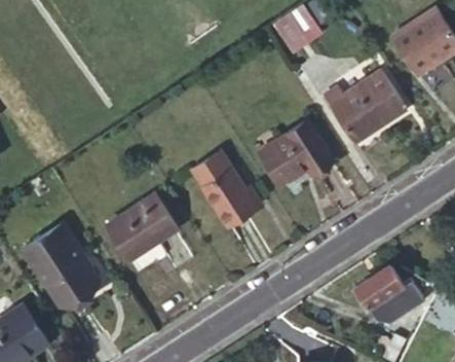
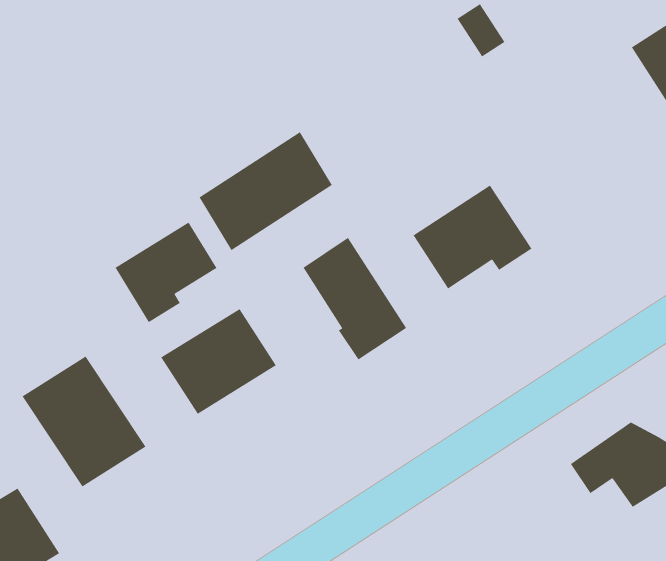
building: [325,71,407,144] -> none
building: none -> [199,131,333,251]
building: none -> [114,221,218,323]

